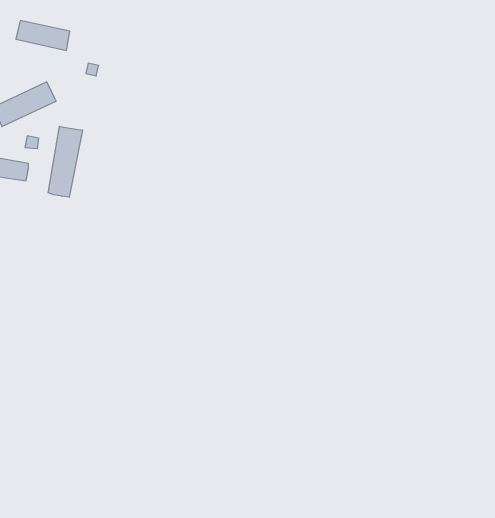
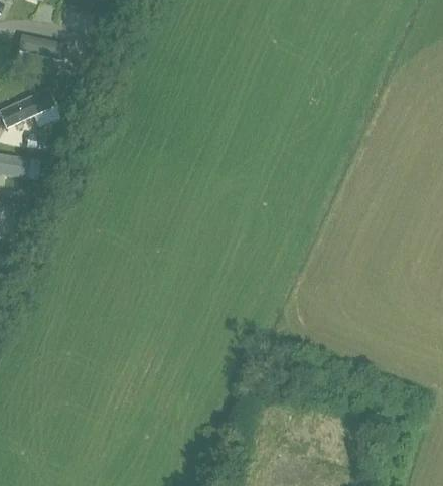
building: [48,126,83,197] -> none

